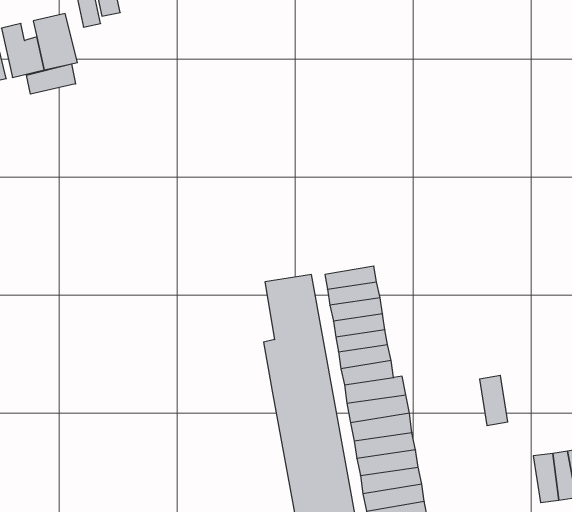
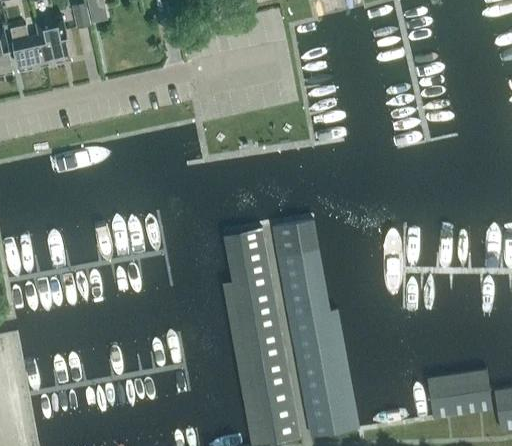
building: [27,64,76,94] -> none
building: [480,375,508,426] -> [427,378,450,419]

